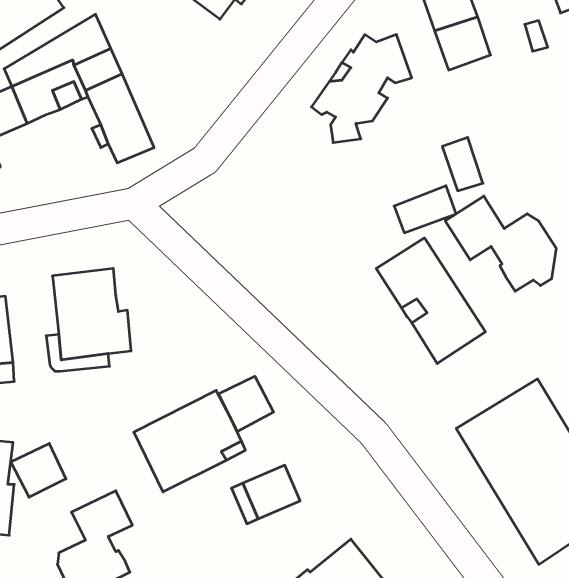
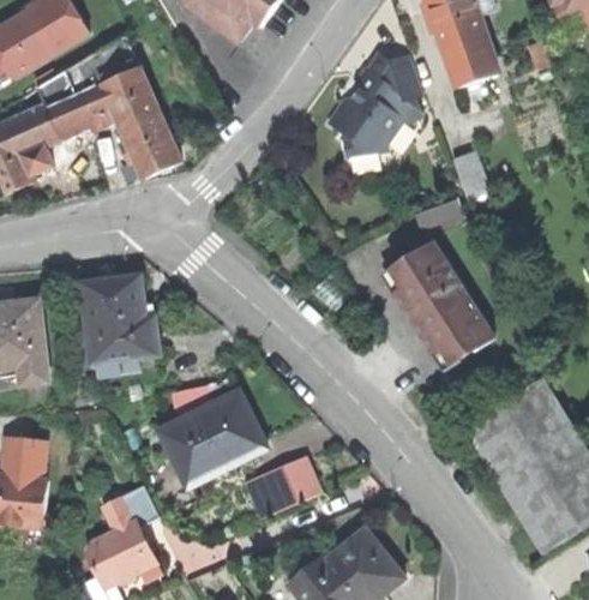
building: [445,196,556,291] -> none
building: [219,376,274,432] -> none
building: [11,443,66,497] -> none

